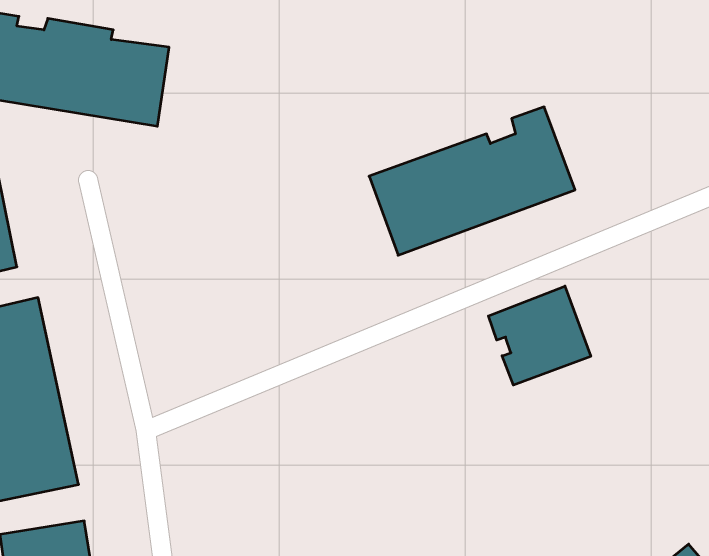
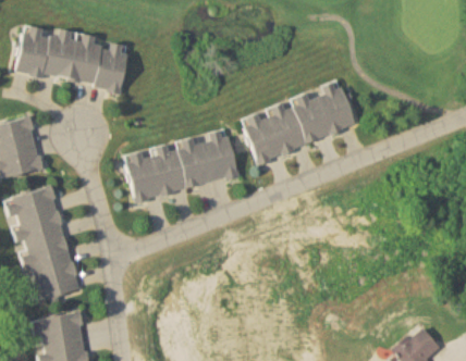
building: none -> [125,127,240,200]
building: [488,286,591,385] -> none

